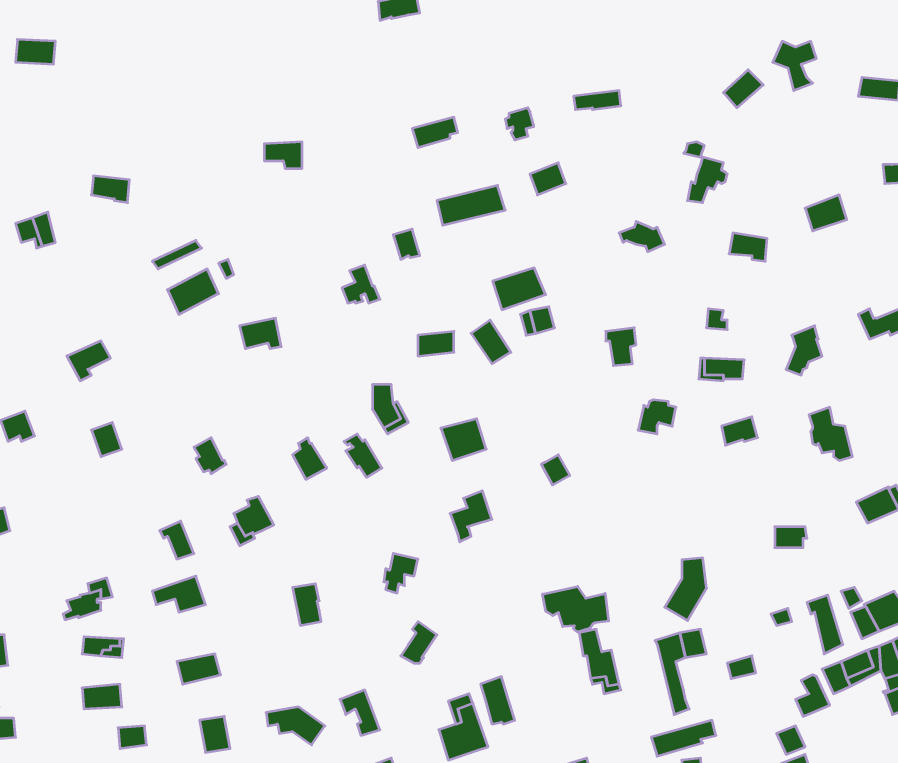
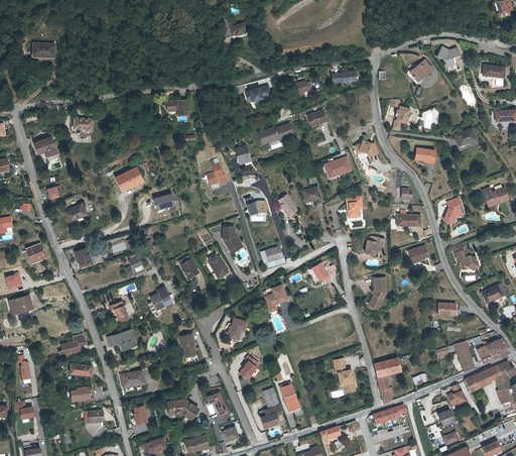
building: [493,268,546,310] -> [325,156,353,179]
building: [665,558,707,621] -> [366,276,388,310]
building: [543,586,609,632] -> none

